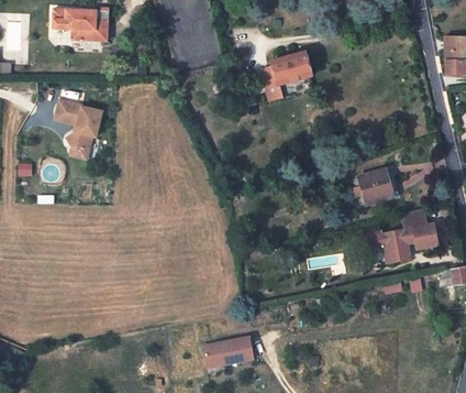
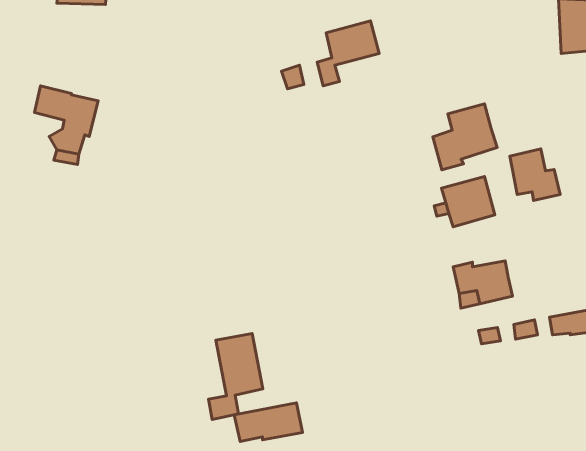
building: none -> [433,104,497,170]
building: [401,208,439,247] -> [510,149,560,201]
building: none -> [208,333,263,420]

